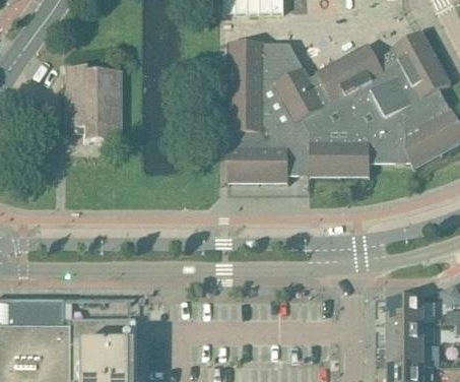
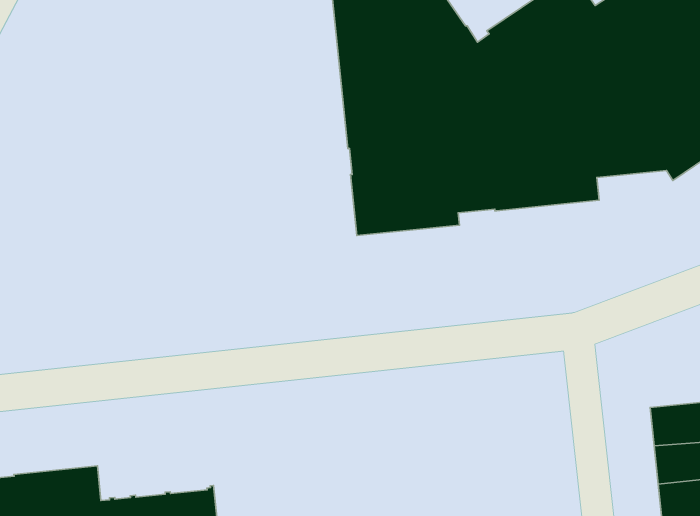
building: [64,66,120,141] -> none

